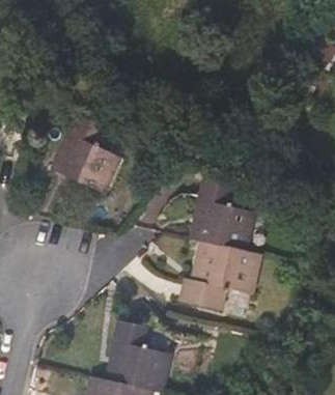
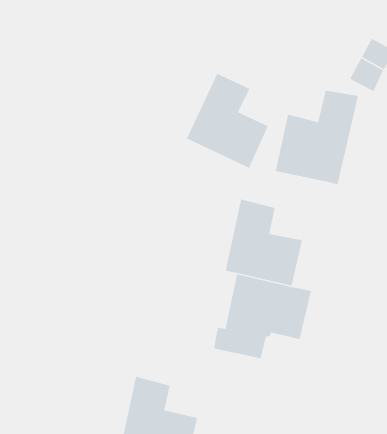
building: none -> [275,90,359,185]
building: [53,114,119,191] -> [186,73,269,169]

